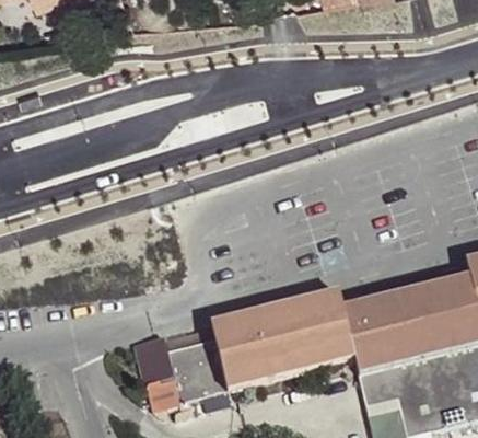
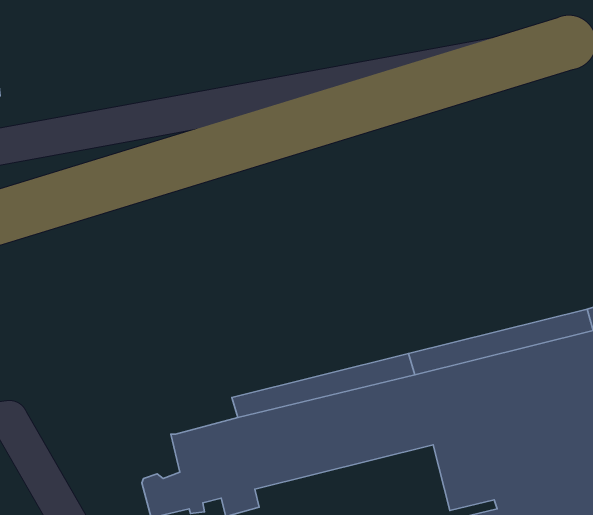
building: [137,339,174,390] -> none

